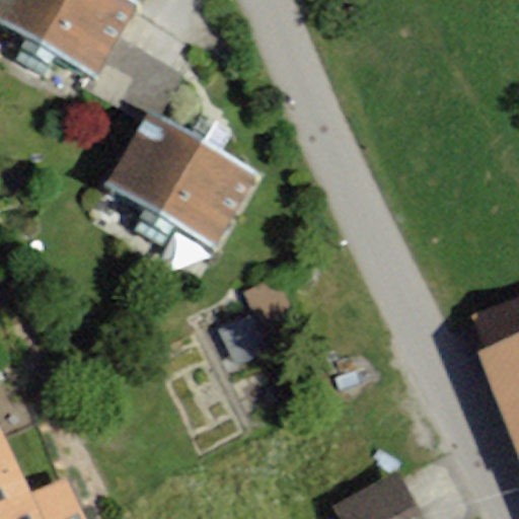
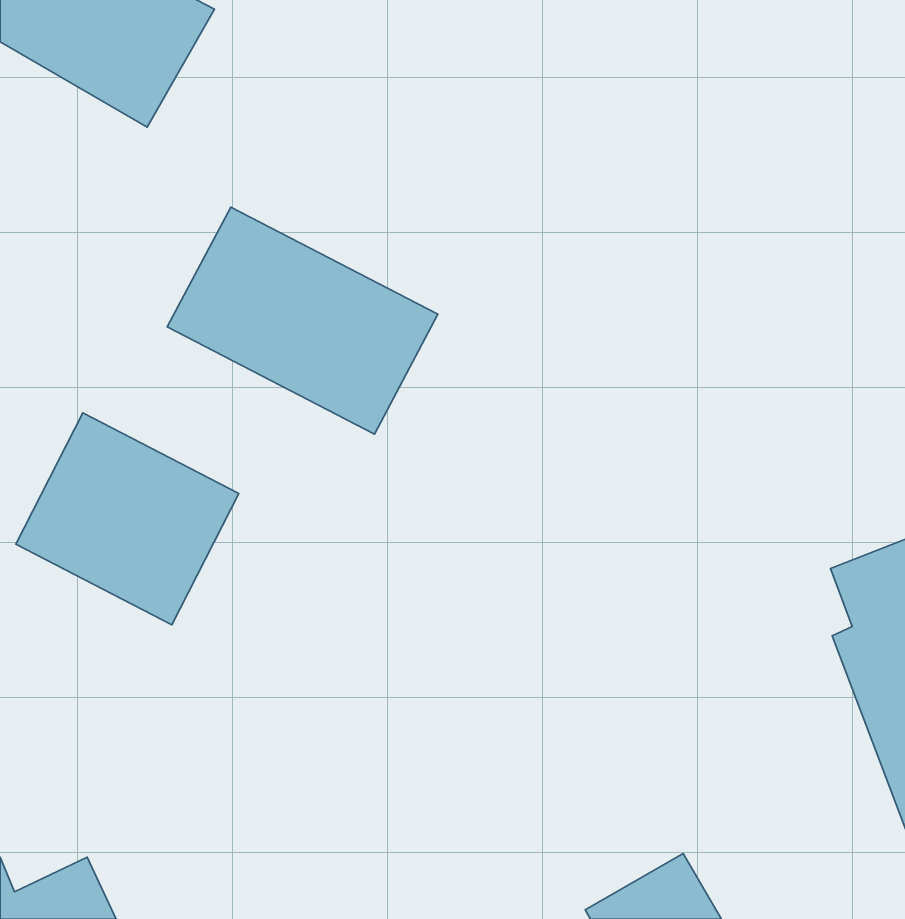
building: none -> [16,413,239,625]

